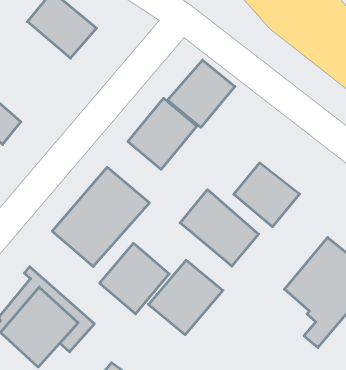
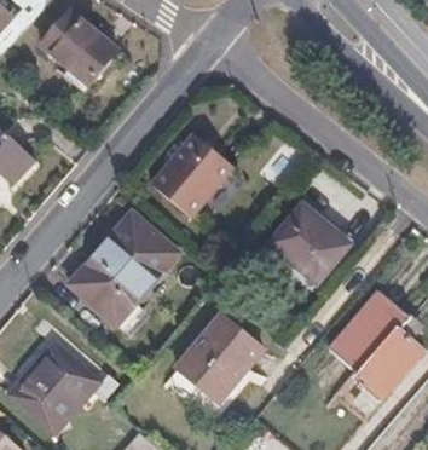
building: [168,60,235,127] -> none
building: [180,190,259,266] -> none
building: [100,243,169,314] -> none

